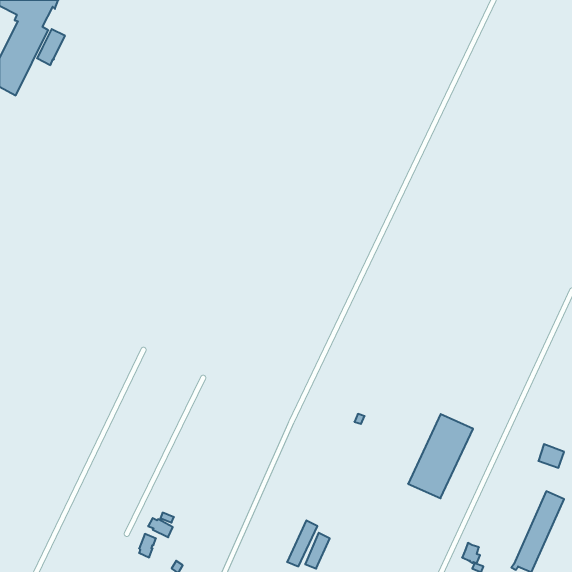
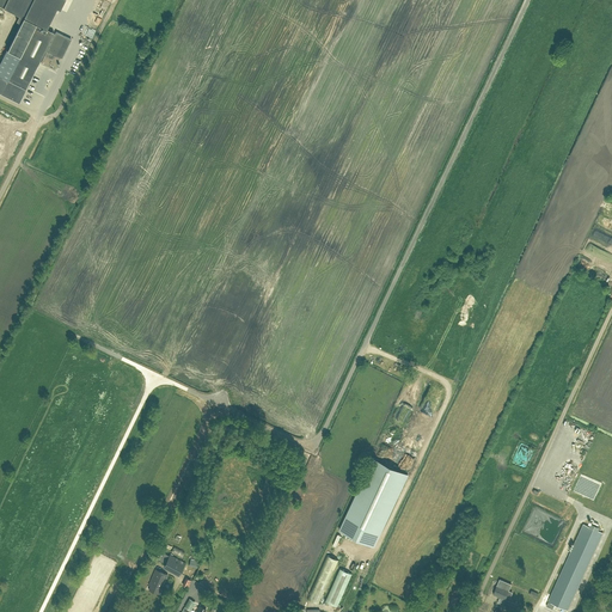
building: [408,414,473,498] -> [338,459,408,549]

